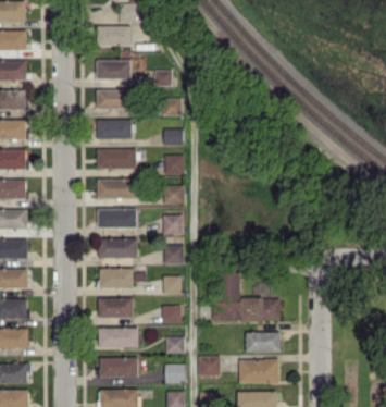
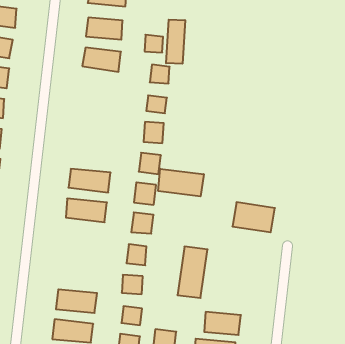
building: none -> [166,20,185,64]
building: [97,120,132,139] -> none
building: [98,149,137,169] -> none
building: [98,180,136,199] -> none
building: none -> [158,169,204,196]
building: [99,269,134,287] -> none
building: [241,297,281,322] -> [232,202,275,232]
building: [99,298,134,318] -> none

